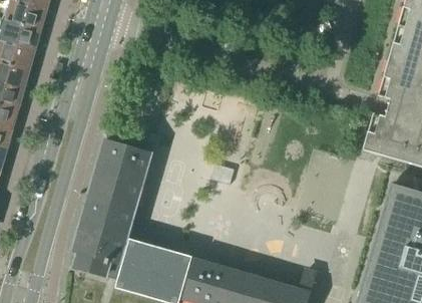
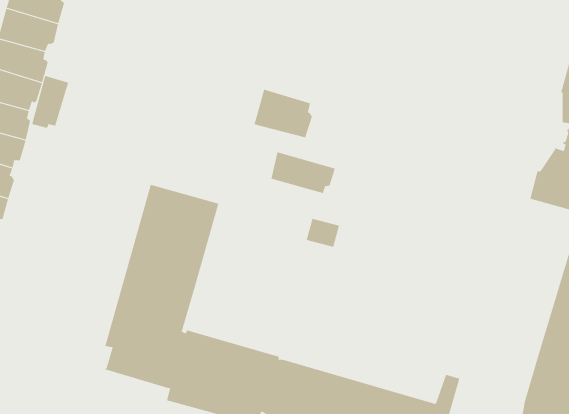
building: none -> [32,75,69,128]
building: none -> [254,89,313,138]
building: none -> [271,152,336,194]

